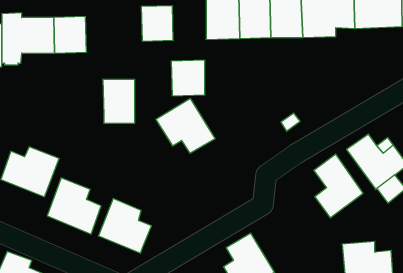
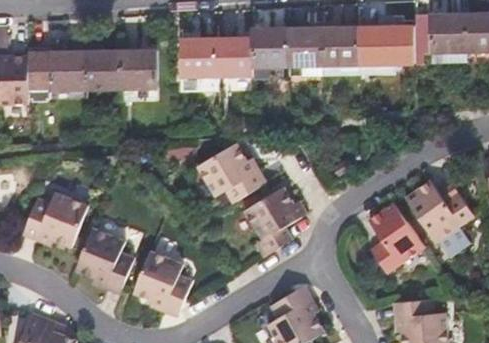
building: [171,60,205,96] -> [214,37,251,76]
building: [103,79,135,123] -> [119,50,154,98]
building: none -> [243,184,299,255]

